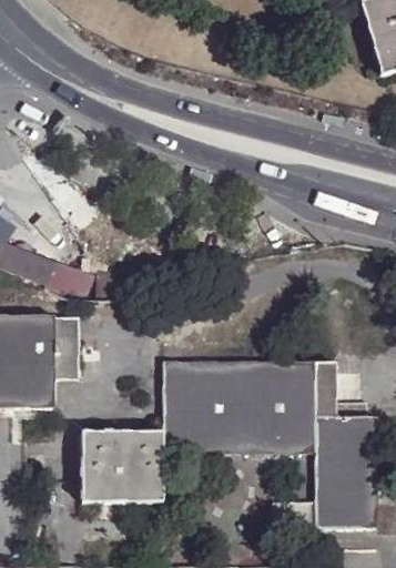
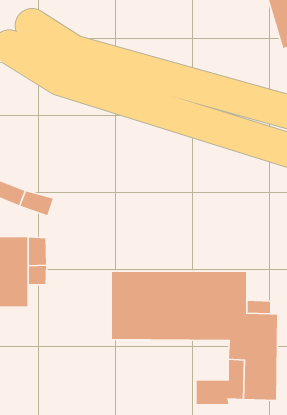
building: [81,432,162,500] -> none

